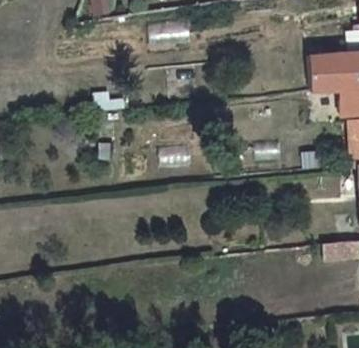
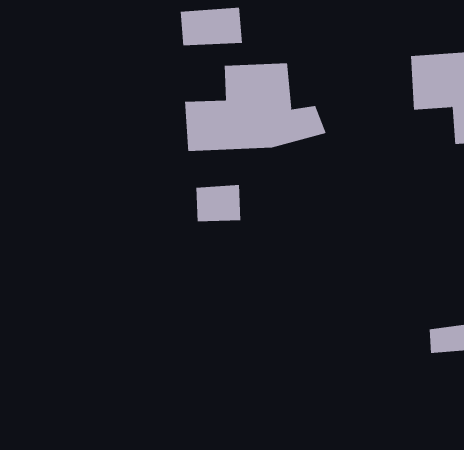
building: none -> [185,63,327,152]

